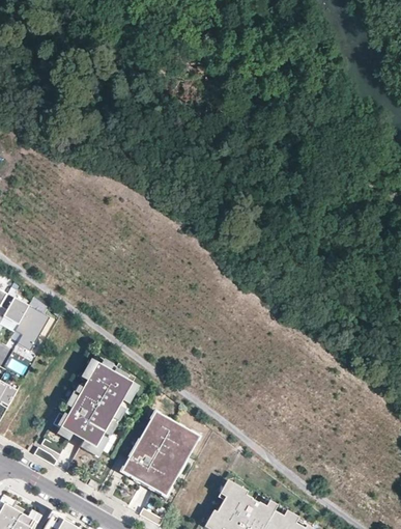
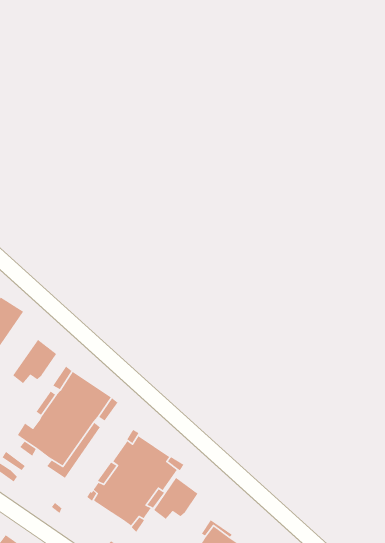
building: none -> [12,339,57,384]
building: none -> [153,477,199,520]

